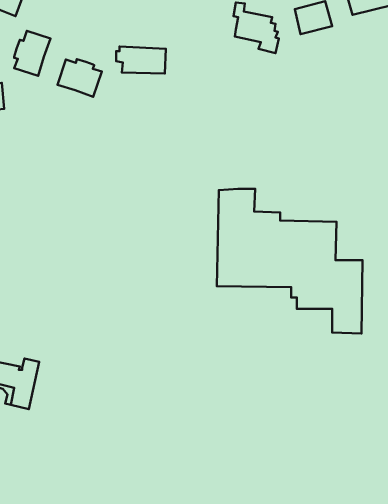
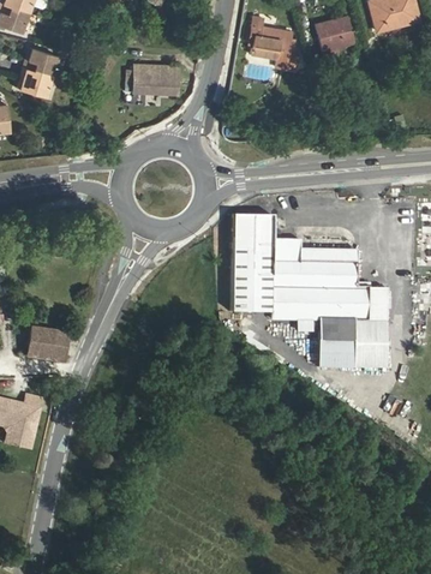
building: [57,59,102,97] -> none
building: none -> [28,327,67,361]
building: none -> [318,342,355,367]

